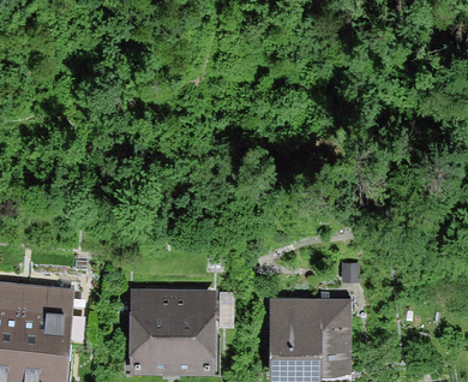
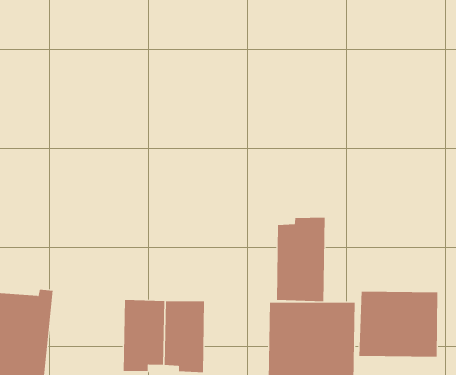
building: none -> [277,217,325,302]
building: none -> [359,291,438,358]

